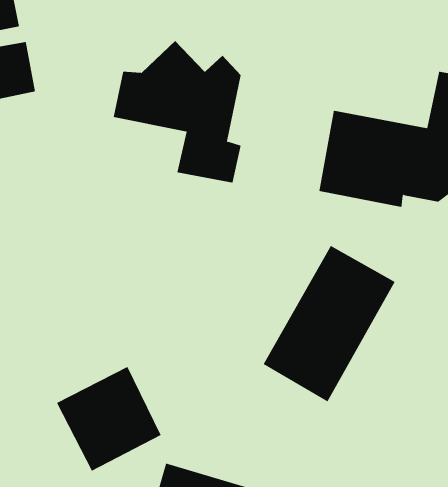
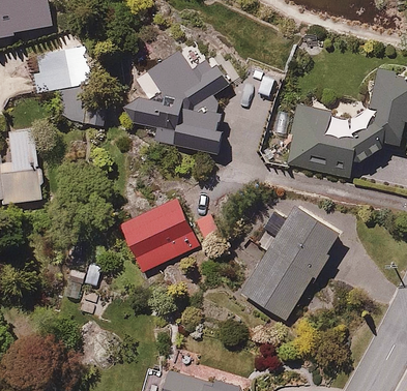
building: [56,366,162,472] -> [116,193,197,274]

